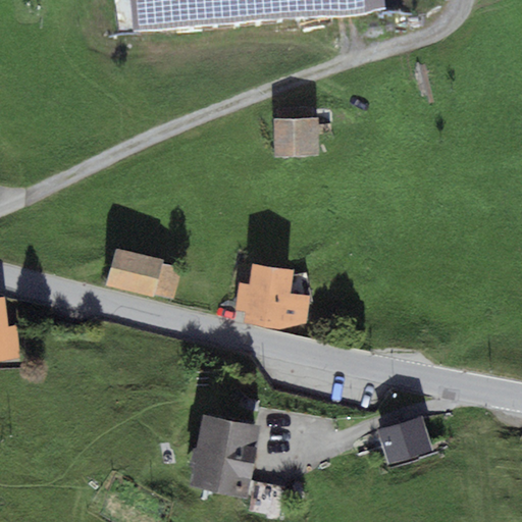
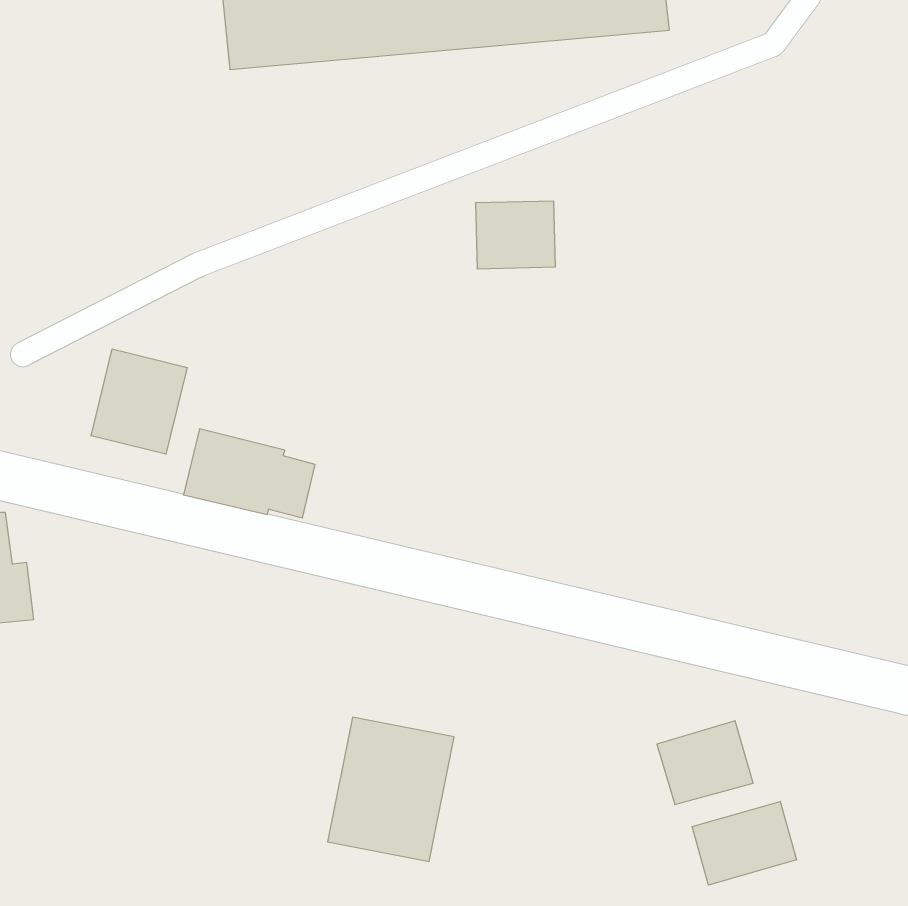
building: none -> [91,349,187,454]
building: [233,262,310,327] -> none
building: none -> [692,801,797,885]

